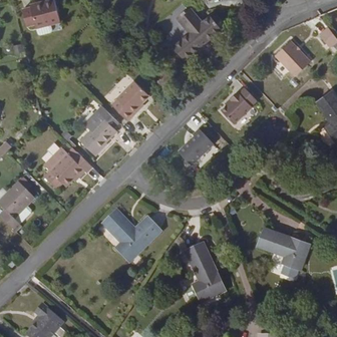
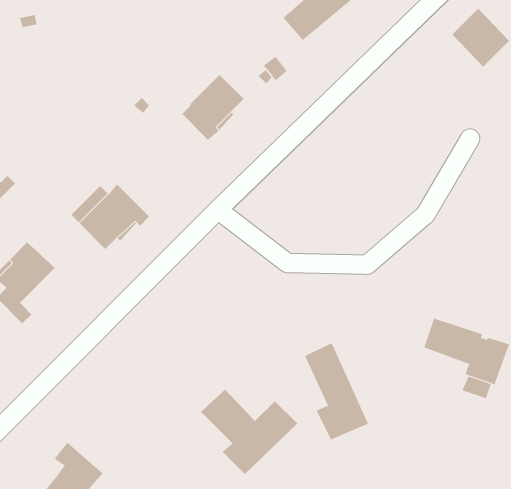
building: [220,88,256,124] -> none
building: [80,105,118,154] -> none
building: [179,128,214,165] -> none
building: [102,210,161,262] -> [200,389,298,475]

